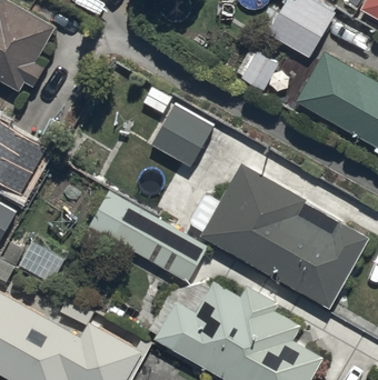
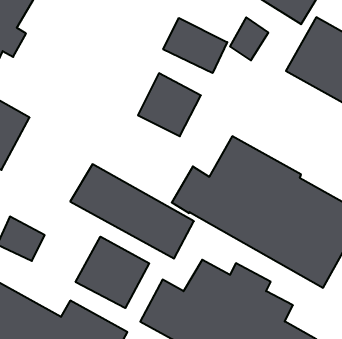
building: none -> [163,18,227,73]
building: none -> [76,237,149,308]

